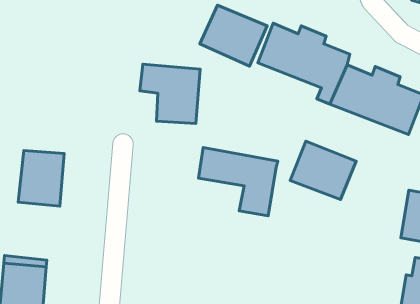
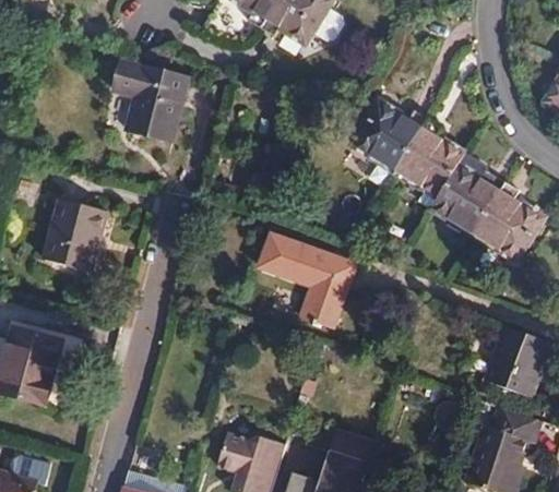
building: [200,5,267,66] -> none
building: [140,64,200,123] -> [114,60,189,141]
building: [290,141,356,199] -> none

